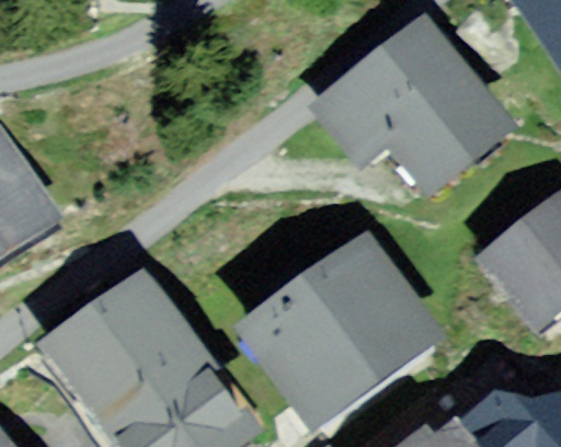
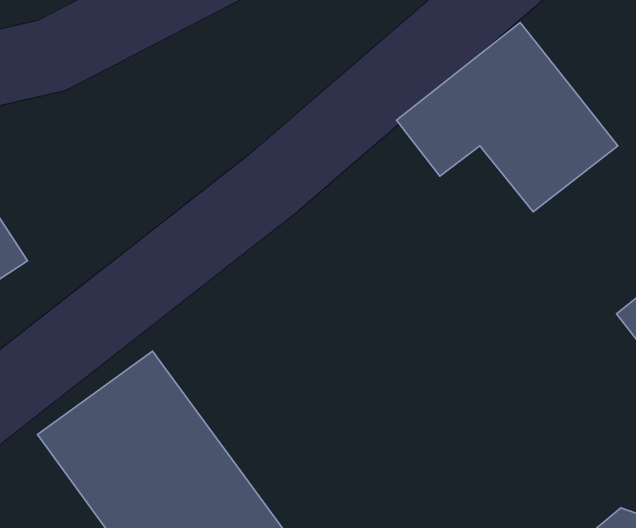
building: [263,250,432,412] -> none

